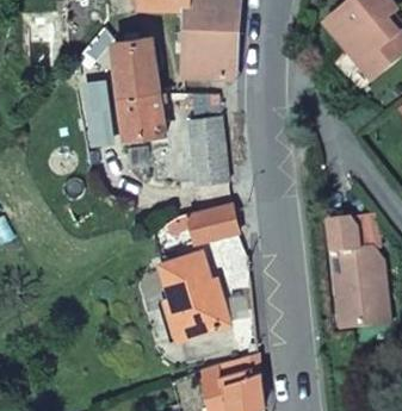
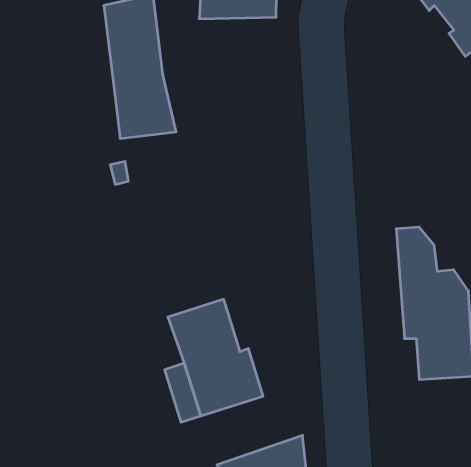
building: [181,50,237,77] -> none
building: [186,117,225,185] -> none
building: [179,204,235,247] -> none

